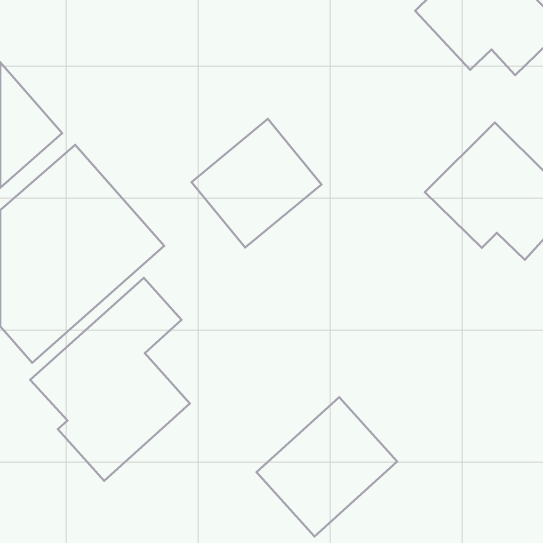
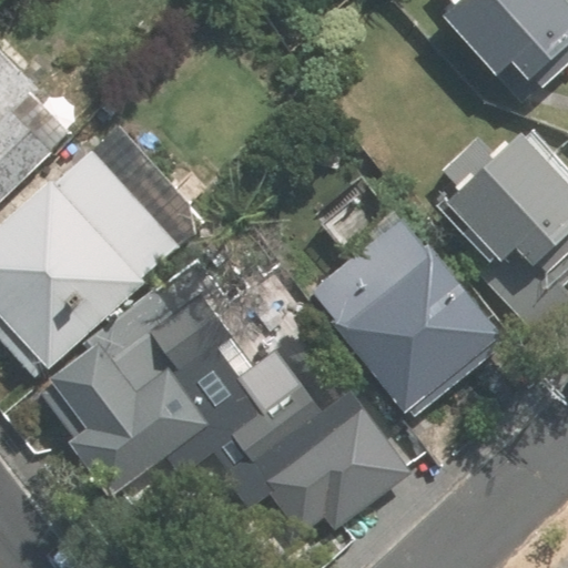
building: [191,119,322,248] -> none
building: none -> [307,215,503,416]
building: none -> [201,345,328,475]

